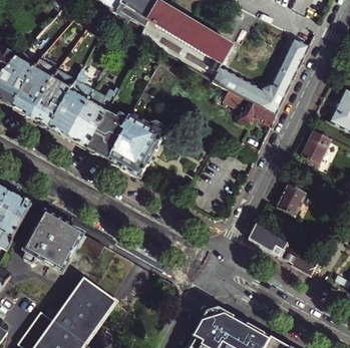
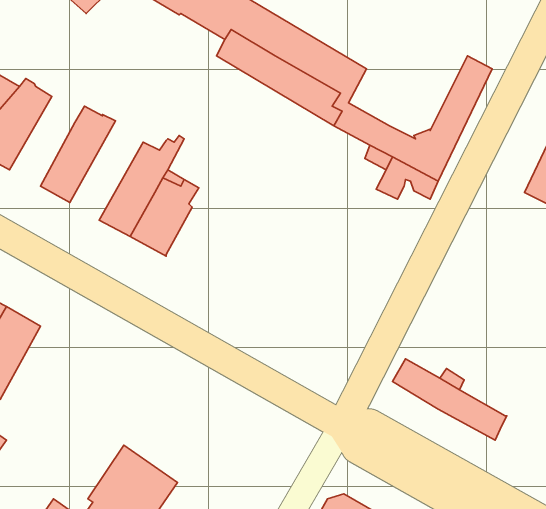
building: [12,57,58,117] -> none
building: [49,68,94,138] -> none
building: [108,114,165,178] -> none
building: [301,130,330,164] -> none
building: [277,183,305,215] -> none
building: [22,212,103,272] -> none

